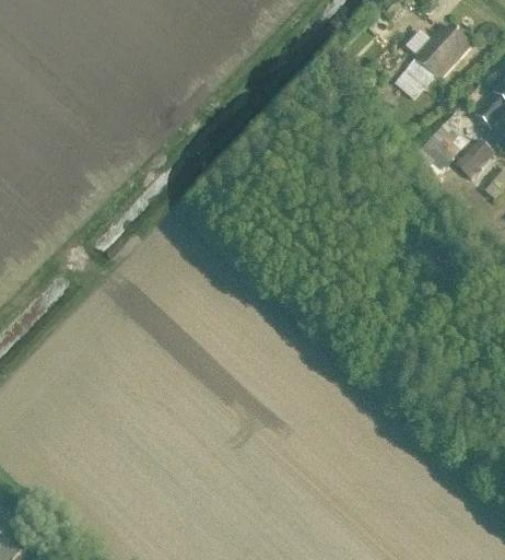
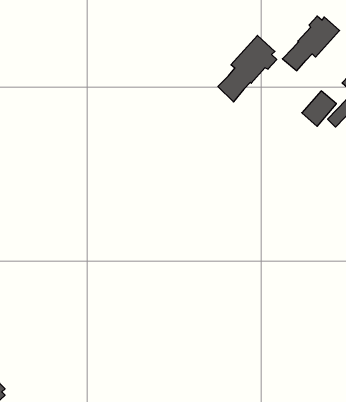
building: none -> [218,35,277,102]

